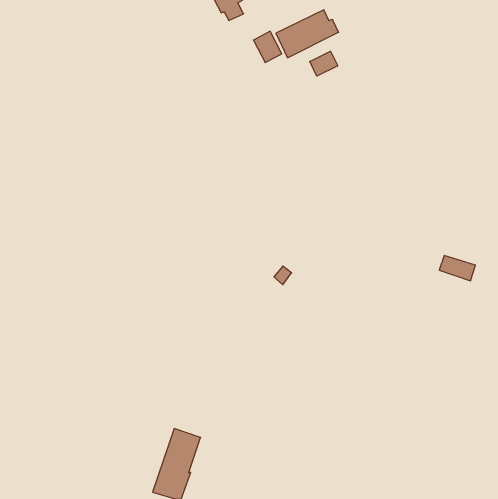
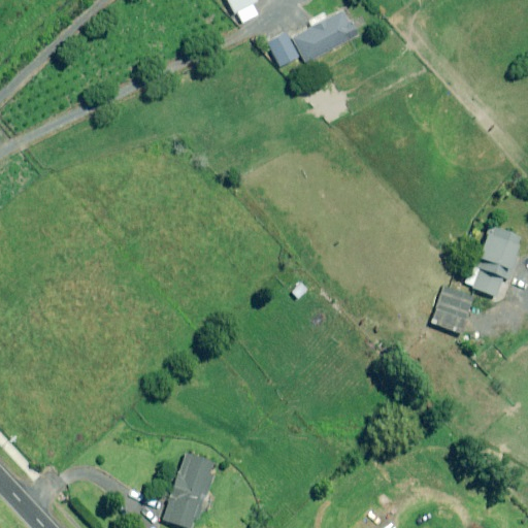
building: [310,51,338,76] -> none
building: none -> [474,225,520,276]
building: none -> [431,285,474,333]

